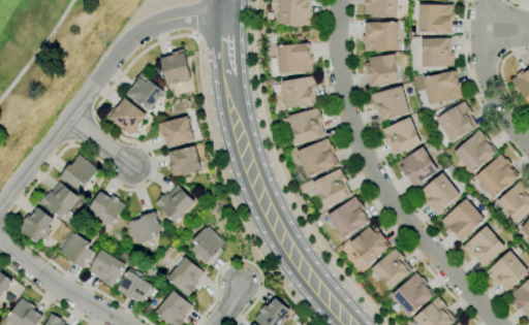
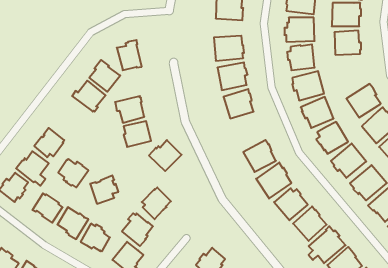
building: [424,71,462,105] -> none
building: [297,138,338,177] -> none
building: [155,186,194,223] -> [149,140,182,171]

